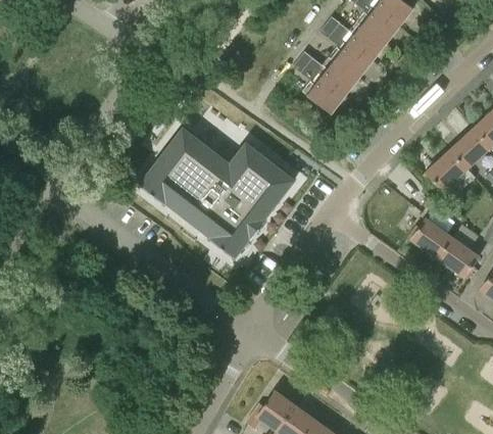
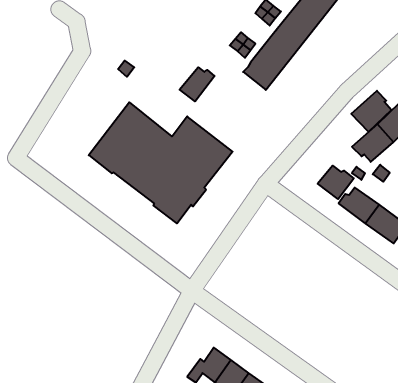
building: none -> [180,67,215,101]
building: none -> [351,91,392,132]
building: none -> [318,166,354,199]

